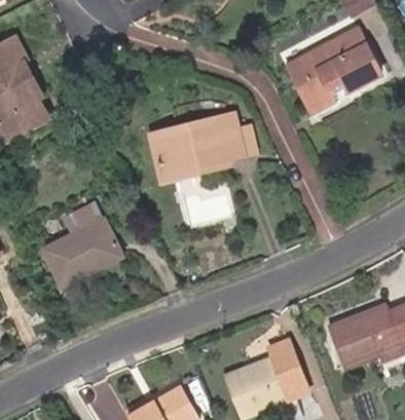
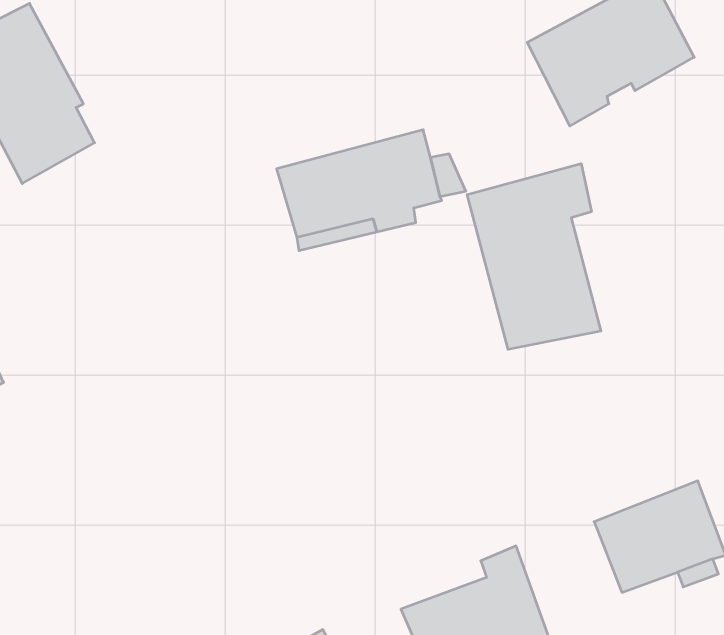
building: none -> [467,164,601,349]
building: [38,213,124,287] -> none

